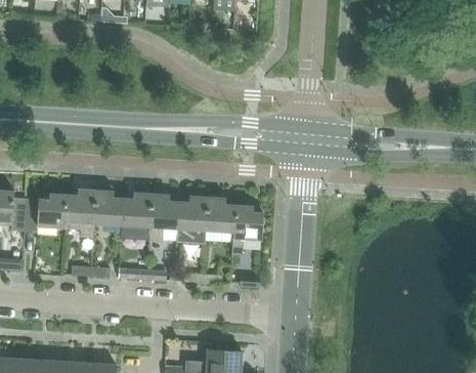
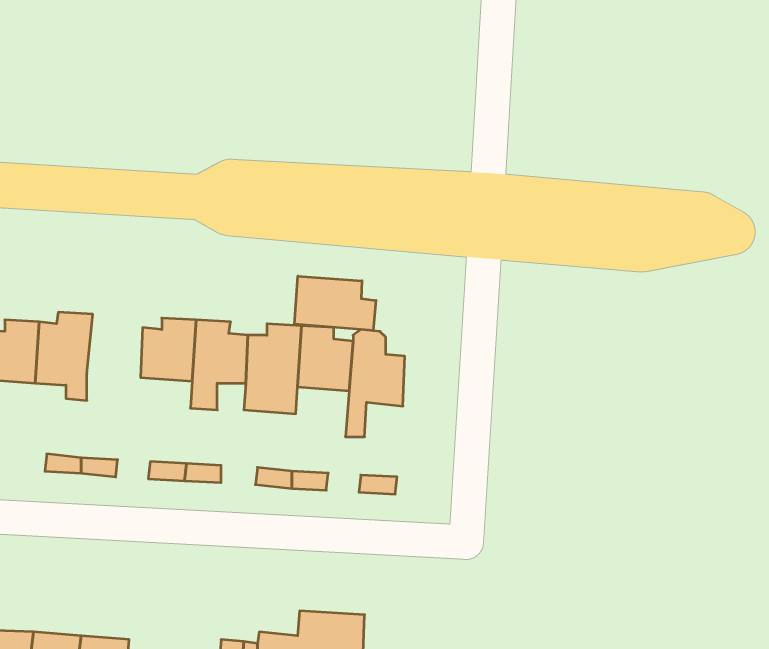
building: none -> [294,276,376,331]
building: [93,185,123,225] -> none

